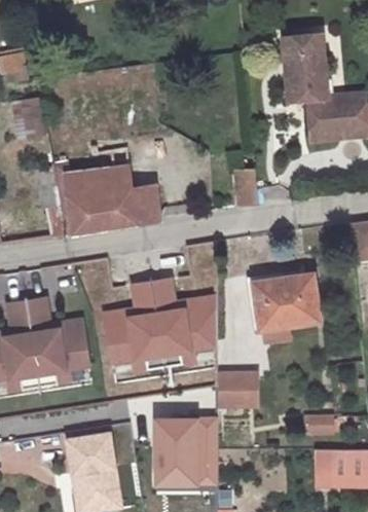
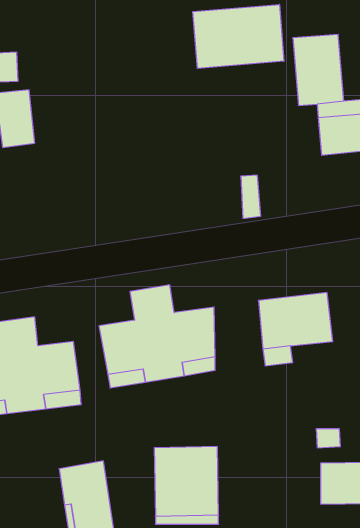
building: none -> [193,4,284,68]
building: [54,146,160,232] -> none
building: [221,372,253,403] -> none

